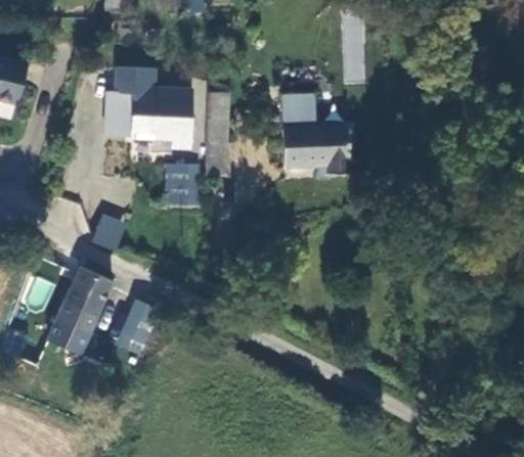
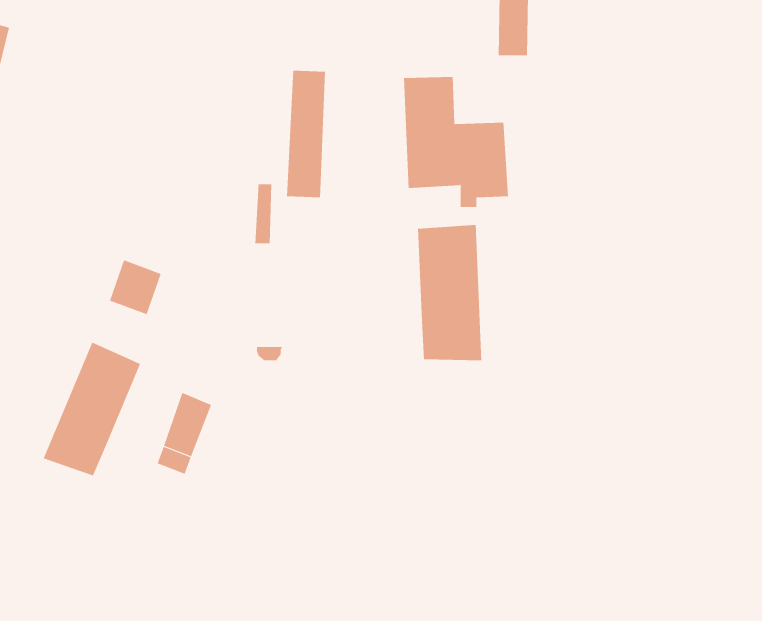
building: [103,66,190,147] -> none
building: [164,164,186,203] -> none
building: none -> [418,224,482,361]

